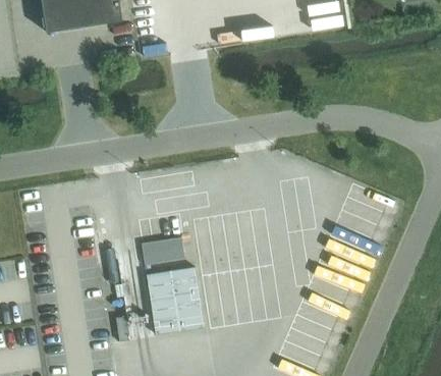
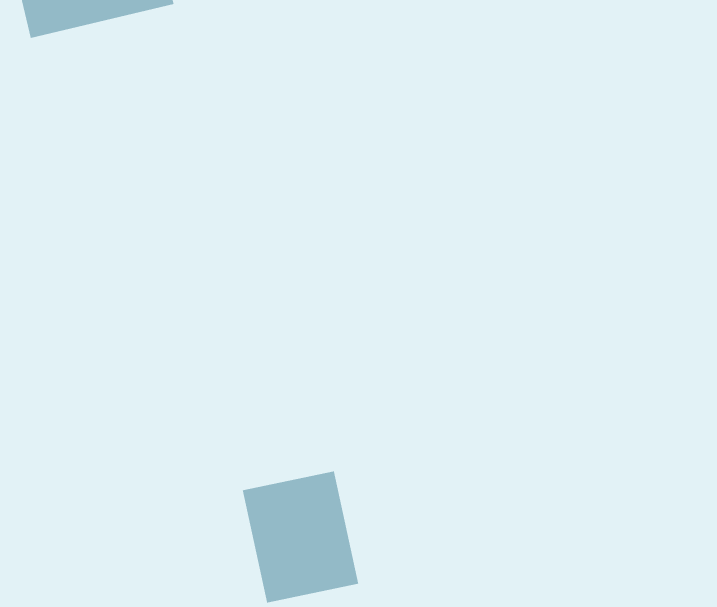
building: [141,237,184,265] -> none

